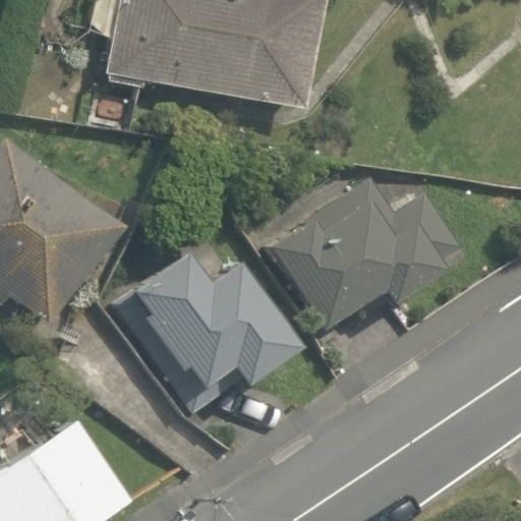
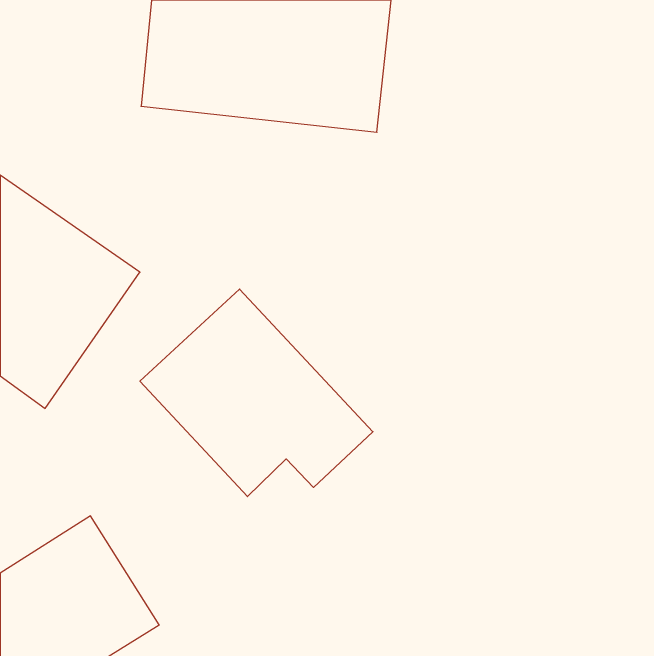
building: [256,172,454,329] -> none

